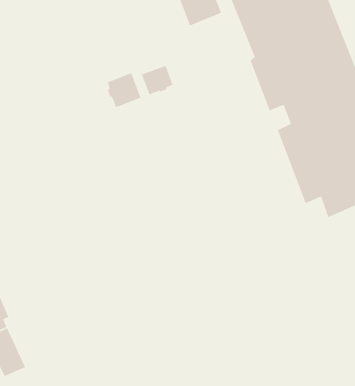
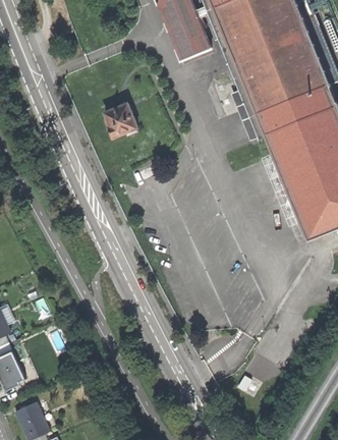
building: [141,65,173,95] -> none

